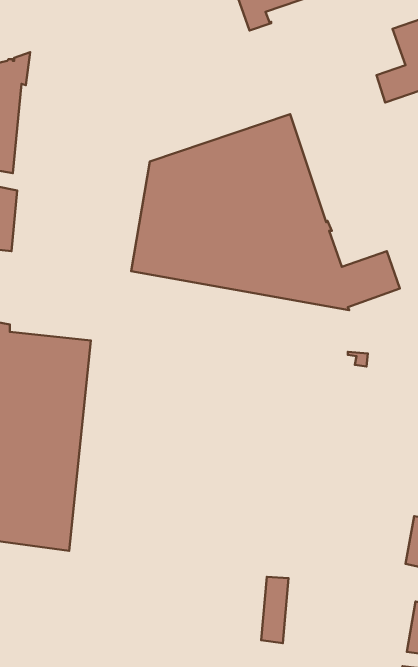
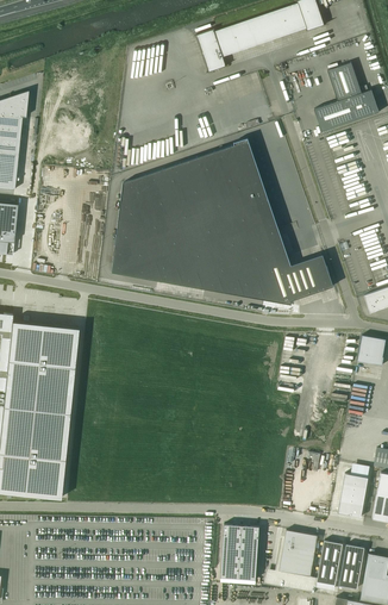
building: none -> [236,525,258,580]
building: none -> [279,531,317,578]
building: none -> [315,541,342,585]

